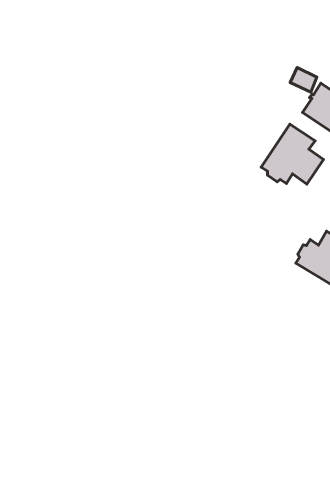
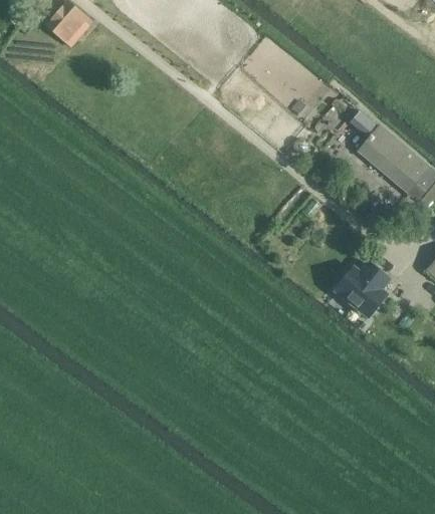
building: [261,124,323,184] -> none

